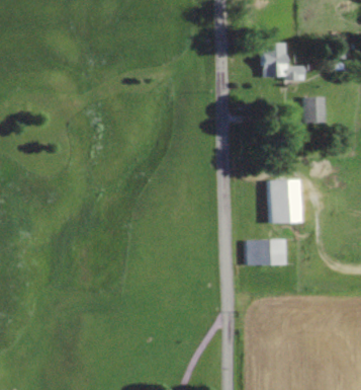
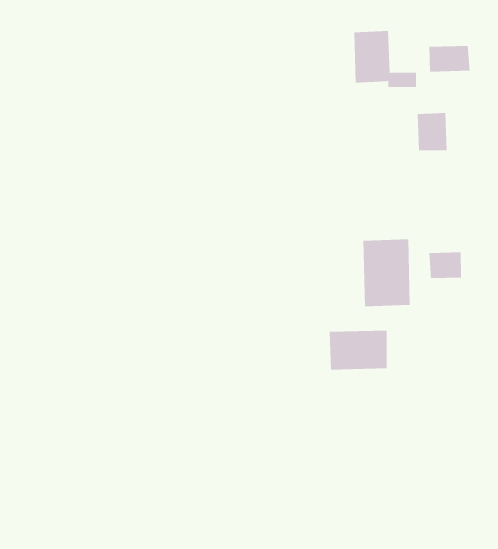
building: none -> [429,45,470,73]
building: none -> [429,252,461,279]

